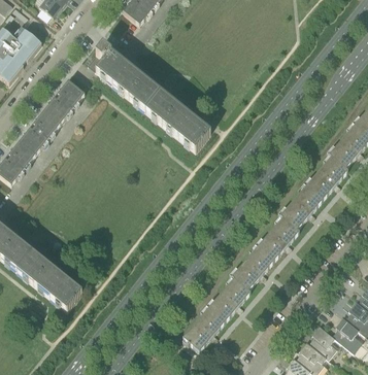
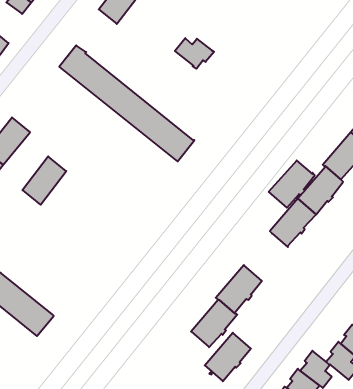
building: none -> [175,38,214,69]
building: [45,80,86,125] -> [22,156,66,205]
building: [258,217,300,261] -> [269,160,315,208]
building: [183,307,226,351] -> [205,333,251,381]

